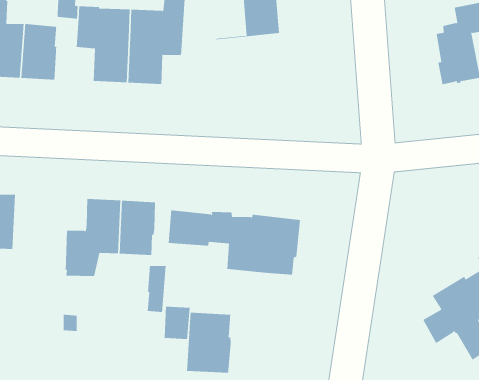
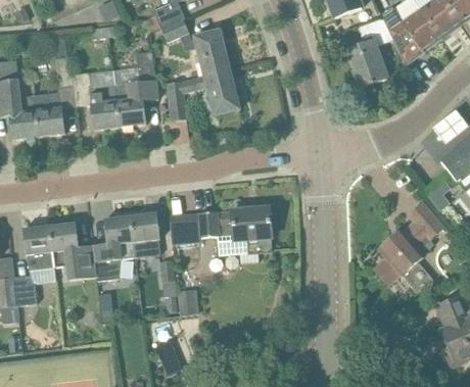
building: none -> [167,69,239,120]
building: none -> [49,223,96,281]
building: [186,312,231,374] -> none

